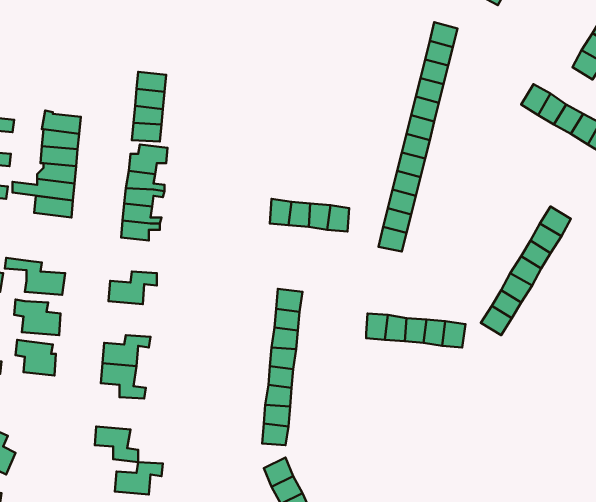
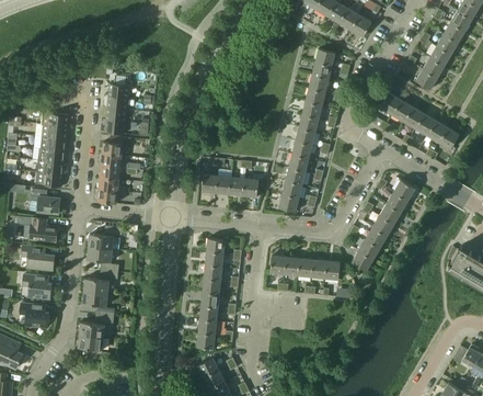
building: none -> [30,190,60,215]
building: none -> [88,247,119,272]
building: none -> [20,303,49,328]
building: [115,462,163,495] -> [80,315,114,338]

